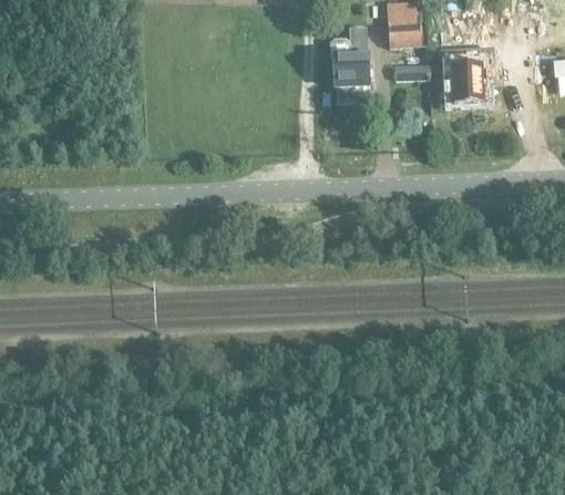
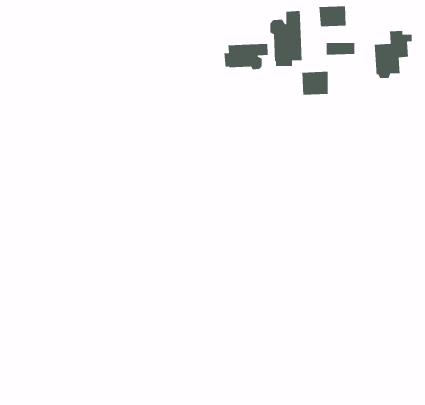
building: none -> [224,43,268,70]
building: none -> [302,71,329,95]

